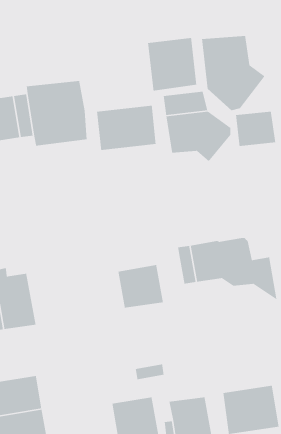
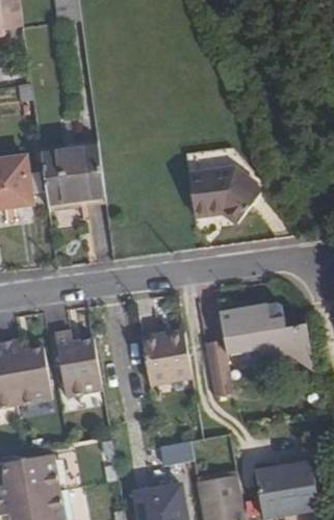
building: [201,35,266,111] -> none
building: [147,37,197,92] -> none
building: [96,105,156,151] -> none
building: [235,111,276,147] -> none
building: none -> [56,330,101,397]

